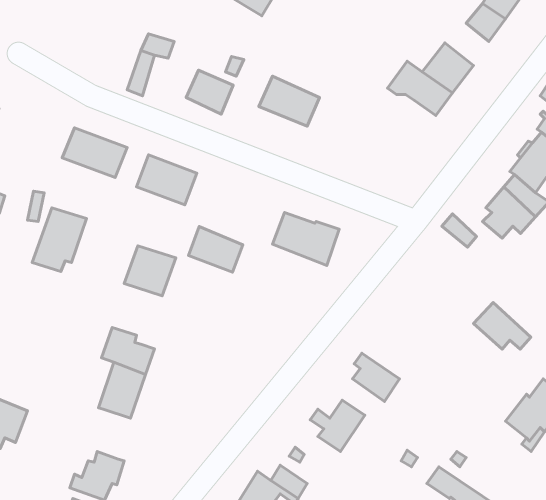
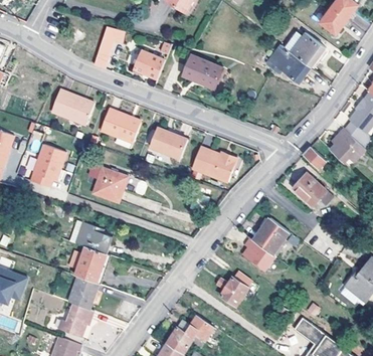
building: [189,227,243,272] -> [149,126,185,156]
building: [473,302,531,349] -> [293,174,331,205]
building: none -> [252,217,288,256]
building: none -> [68,277,98,310]

